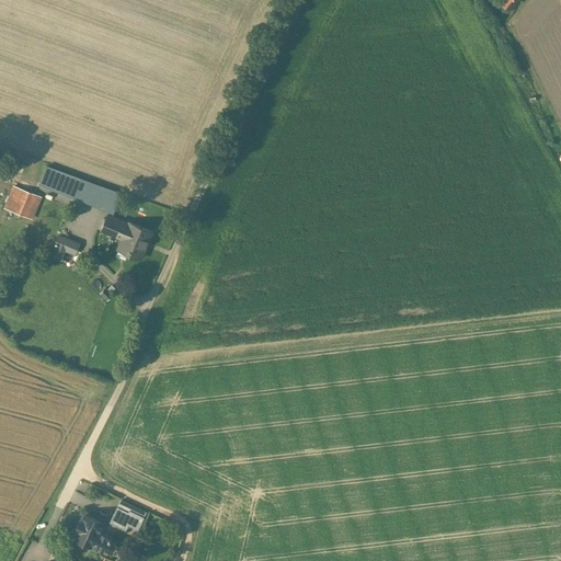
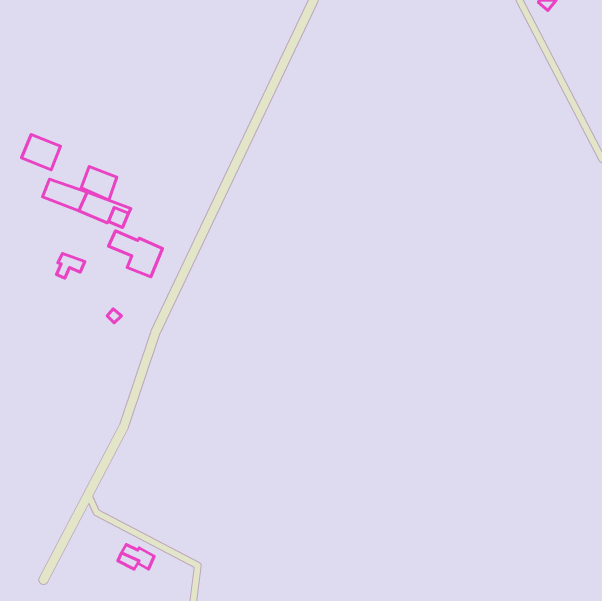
building: none -> [81,167,117,200]
building: [4,186,41,219] -> [22,134,60,170]
building: [73,514,111,551] -> none

